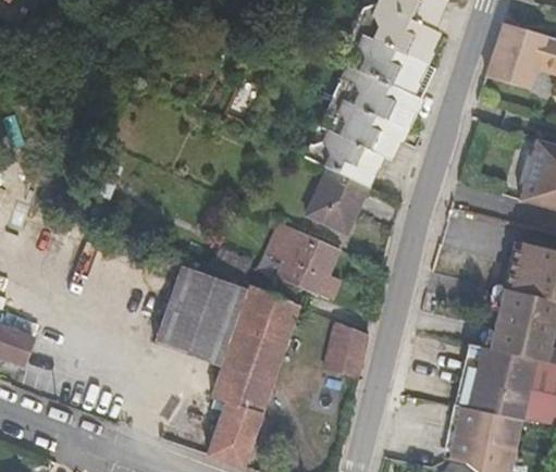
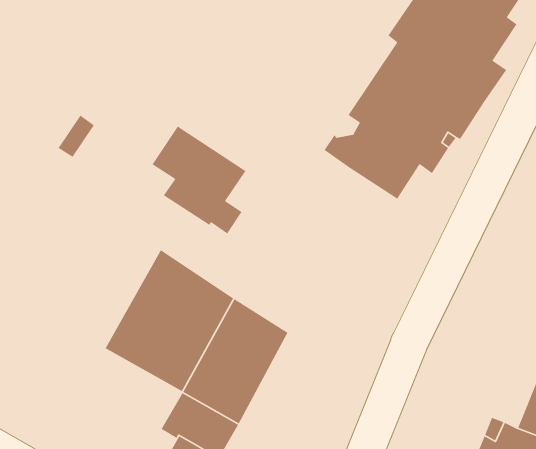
building: [305,169,366,234] -> none
building: [262,221,339,299] -> [152,126,247,234]
building: [325,321,370,376] -> none

